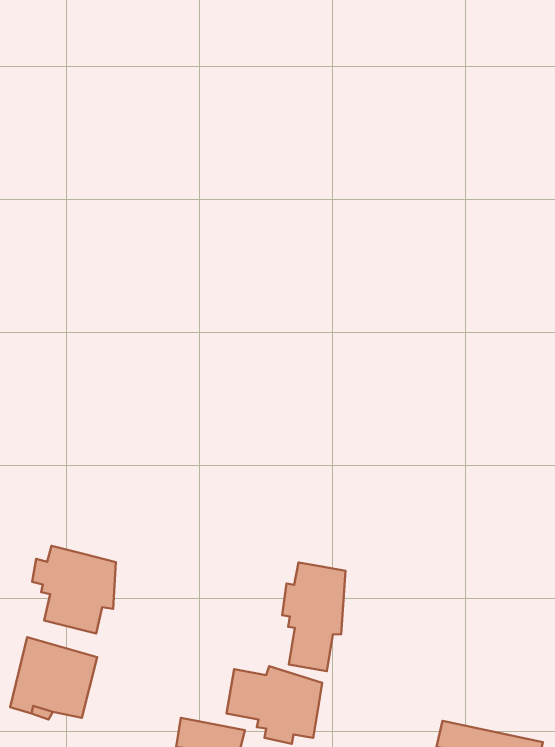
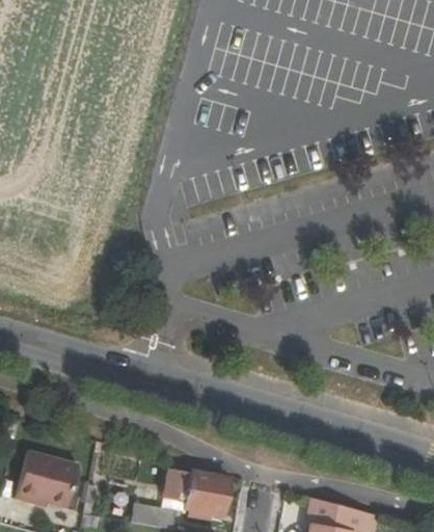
building: [32,546,116,633] -> none
building: [282,562,346,671] -> none

